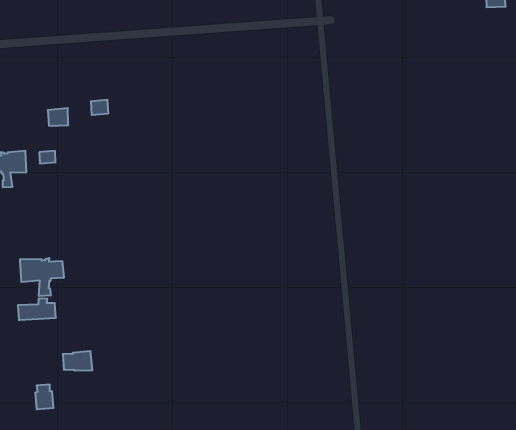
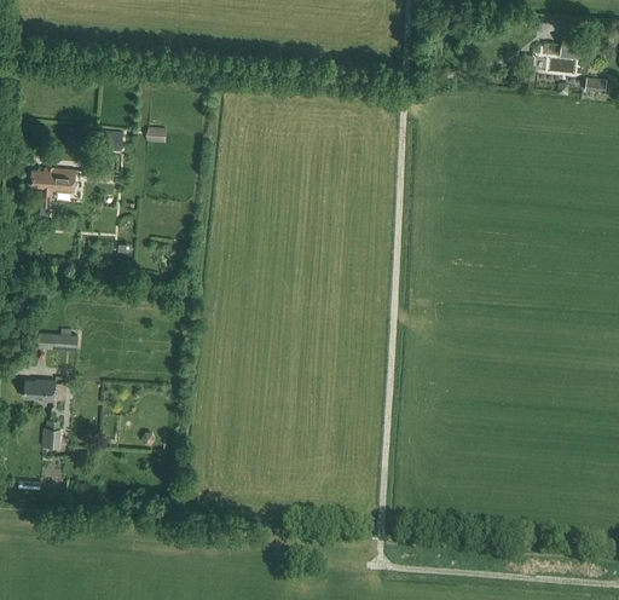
building: [20,258,64,296] -> none
building: [63,351,92,371] -> [24,380,56,402]

